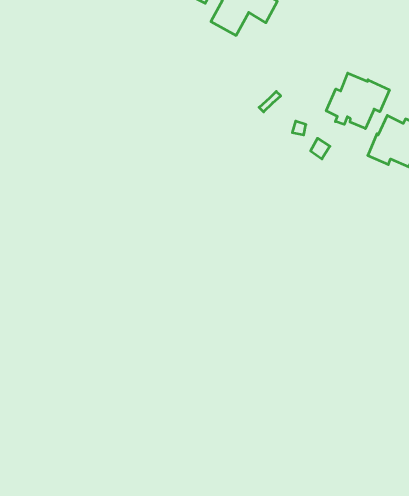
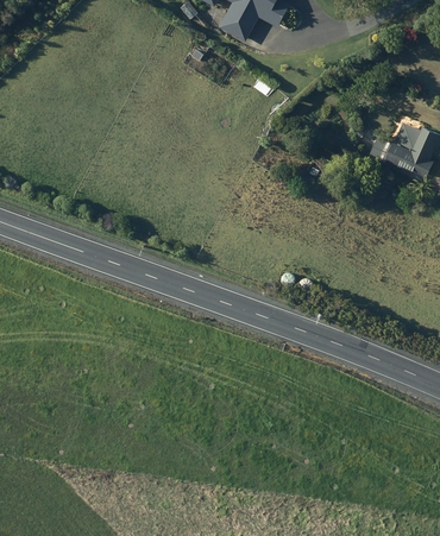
building: [326,73,389,129] -> none

